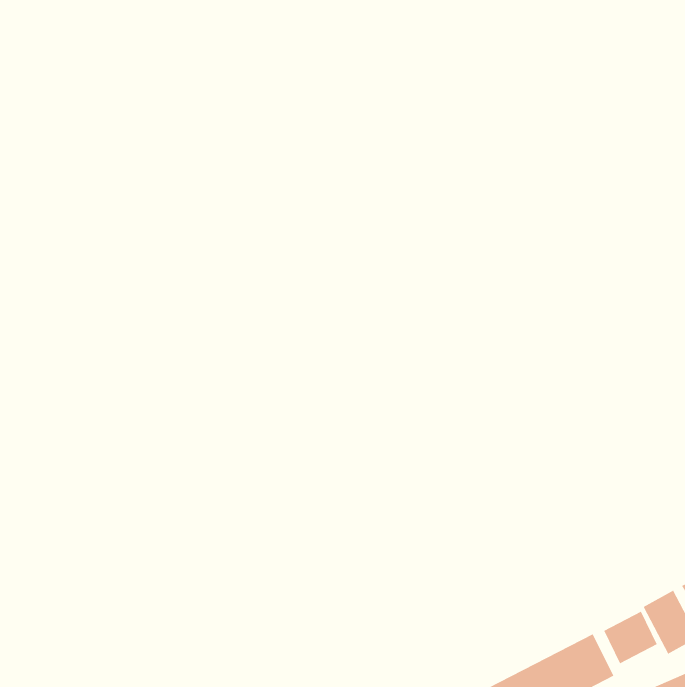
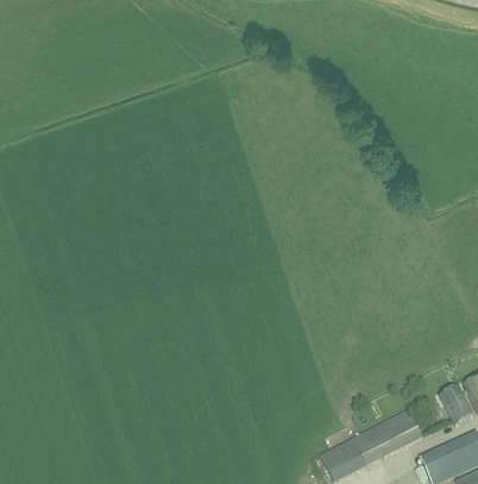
building: [603,611,658,664] -> none

